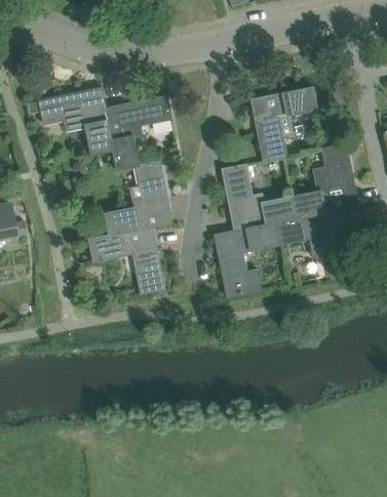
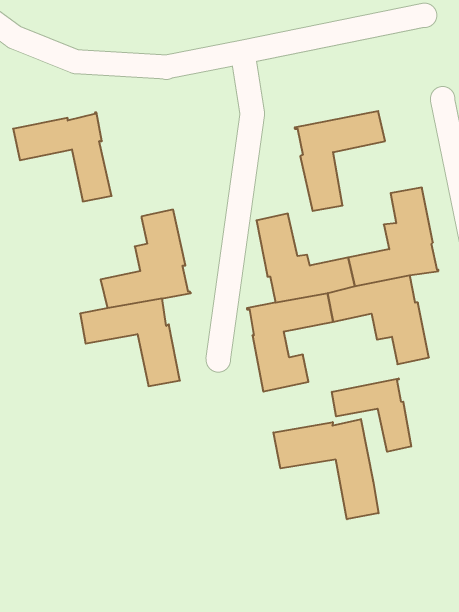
building: [104,94,171,170] -> none
building: none -> [332,378,411,452]
building: none -> [273,419,379,519]

